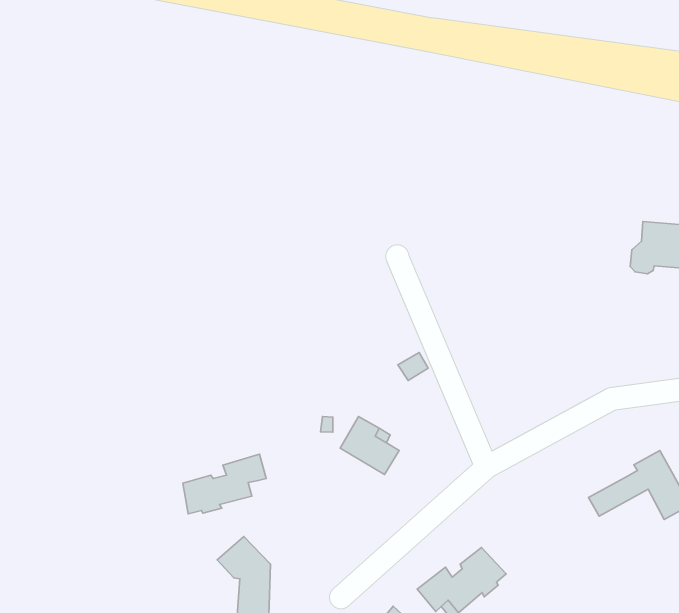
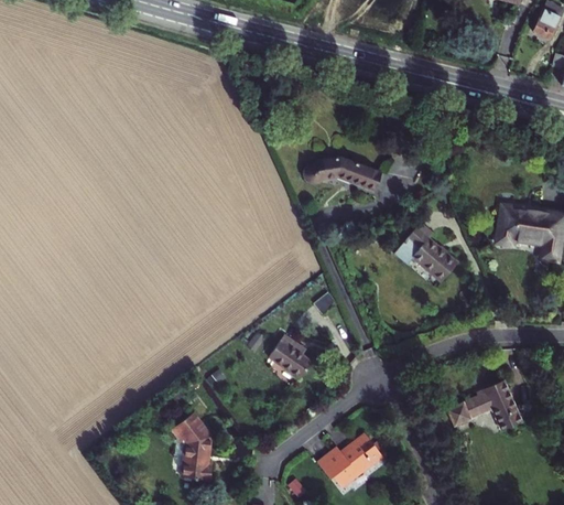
building: none -> [303,157,382,190]
building: none -> [404,219,457,280]
building: [183,454,266,514] -> none

